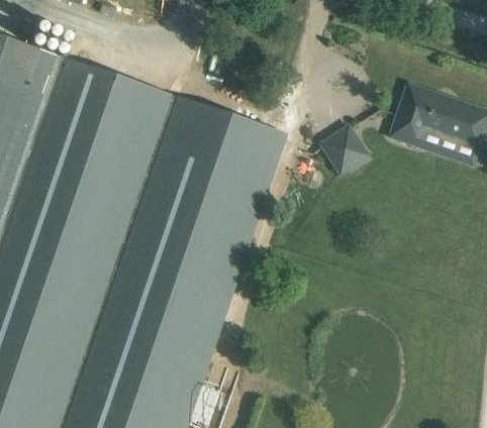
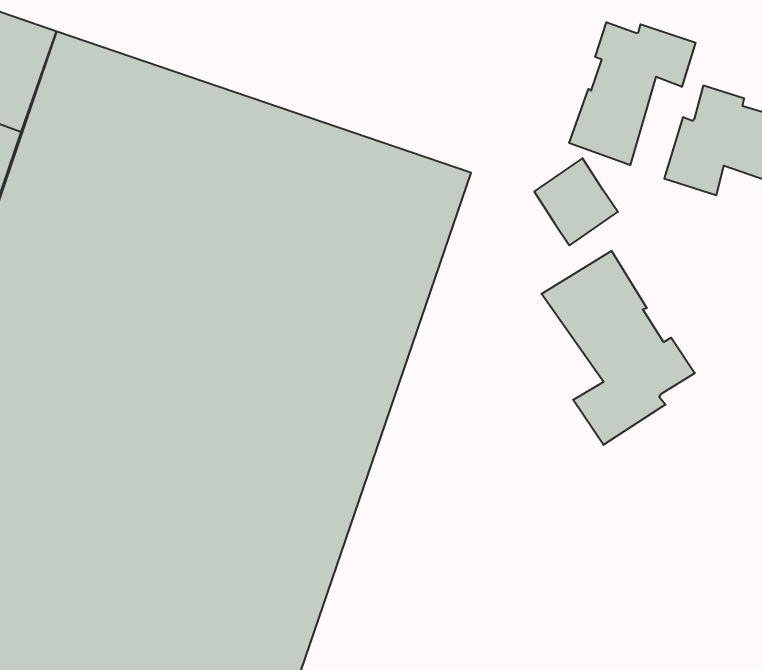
building: none -> [569,22,696,165]
building: none -> [541,251,695,445]

